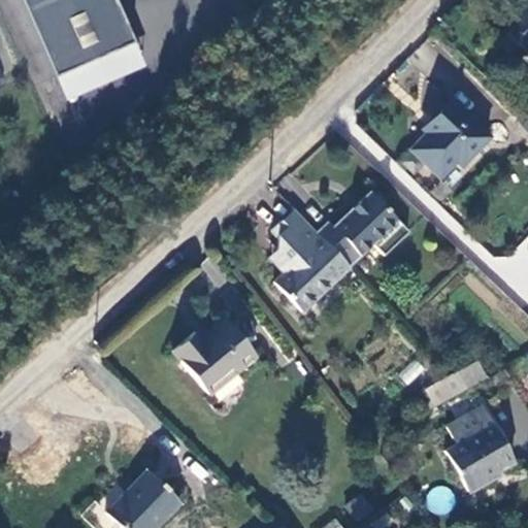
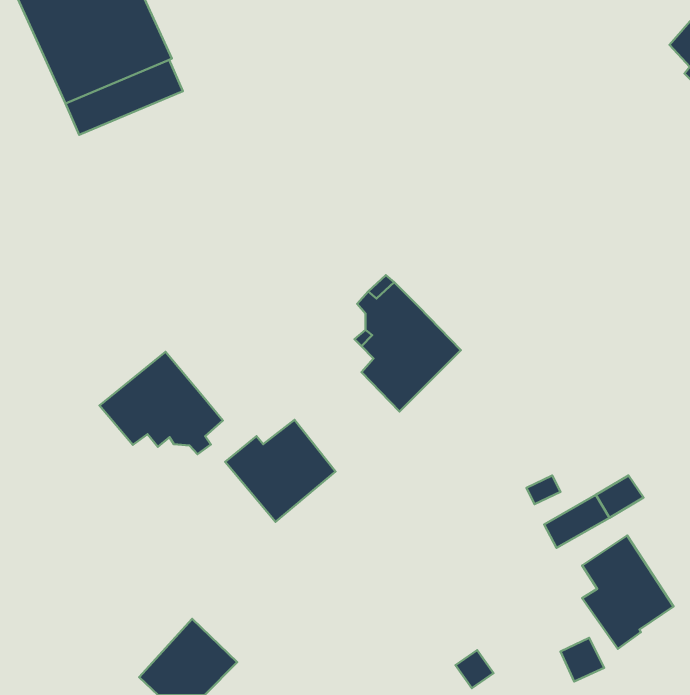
building: [414,99,493,176] -> none
building: [322,191,402,265] -> none
building: none -> [100,352,223,454]

